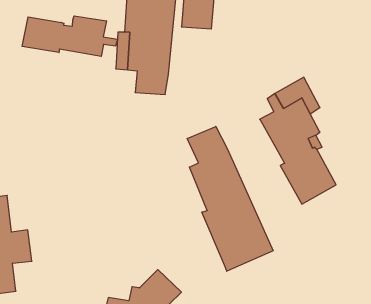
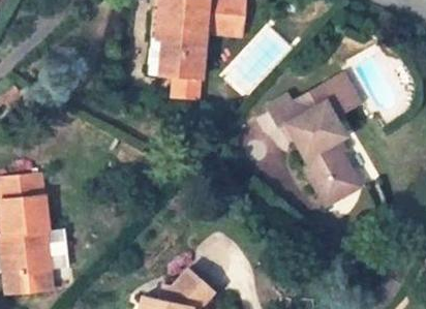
building: [22,16,118,56] -> none
building: [187,126,273,271] -> none

